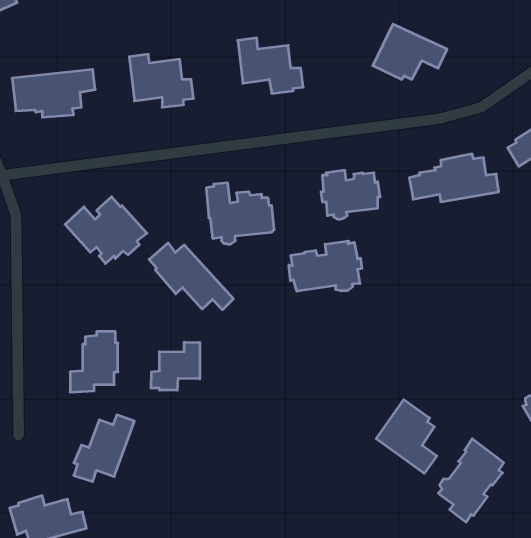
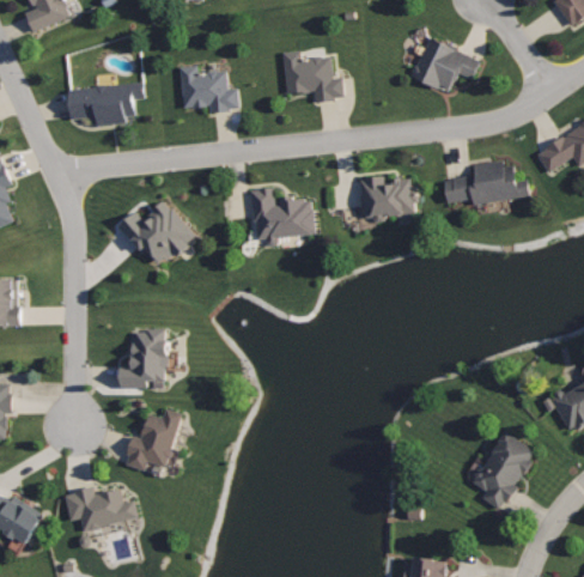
building: [289,241,362,291] -> none
building: [149,243,233,310] -> none
building: [151,342,200,390] -> none
building: [376,400,437,473] -> none

